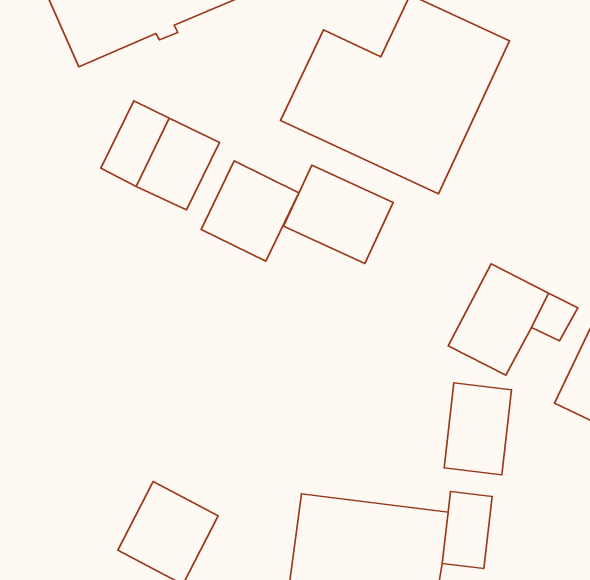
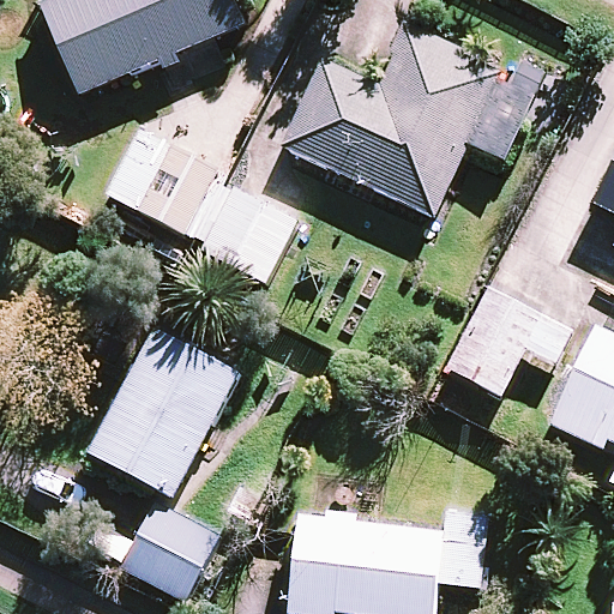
building: [283,165,393,263] -> none
building: none -> [86,326,240,496]
building: [444,383,511,475] -> none

